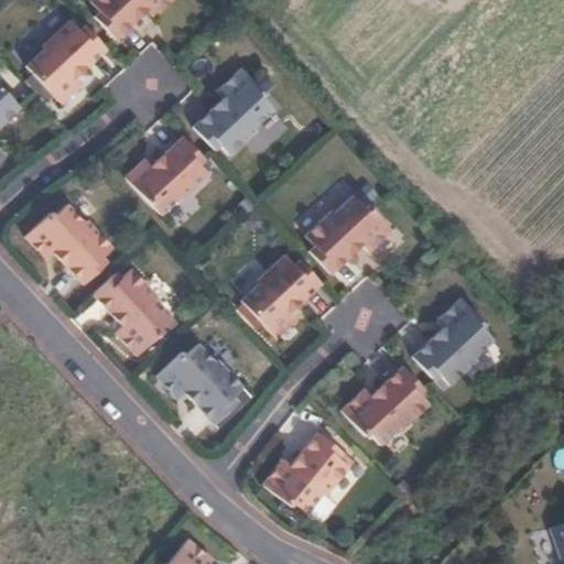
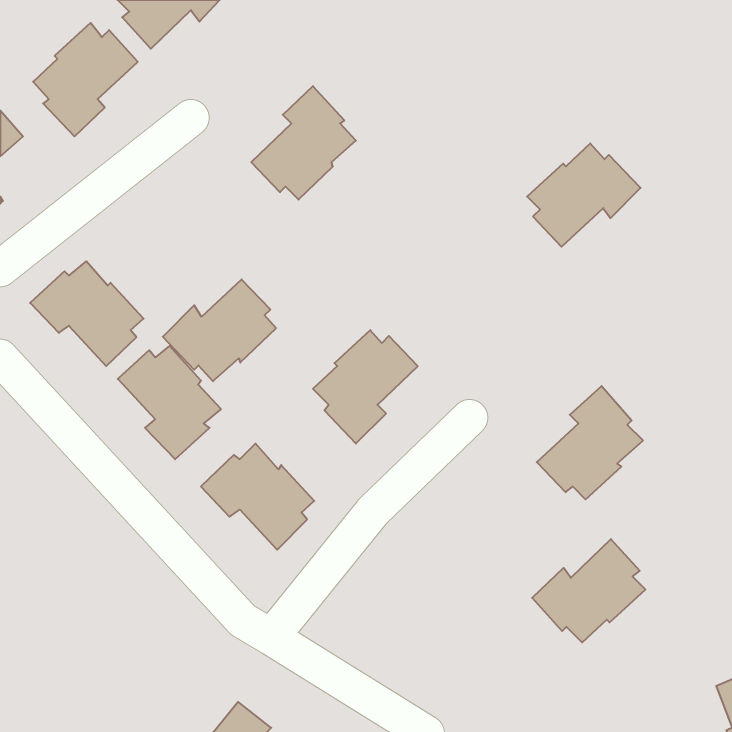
building: [122,135,209,214] -> [163,279,276,381]
building: [305,194,392,273] -> [527,143,641,247]
building: [343,365,430,444] -> [532,539,645,642]
building: [267,434,354,513] -> none

